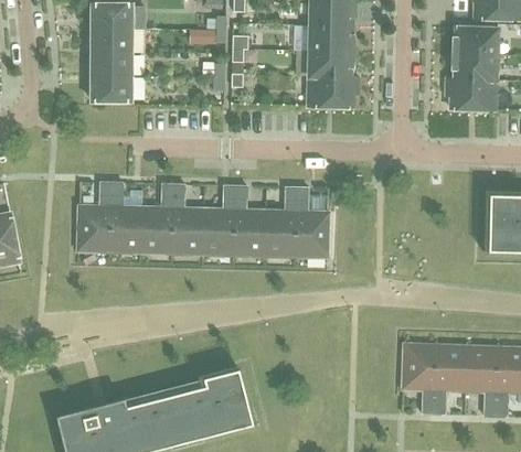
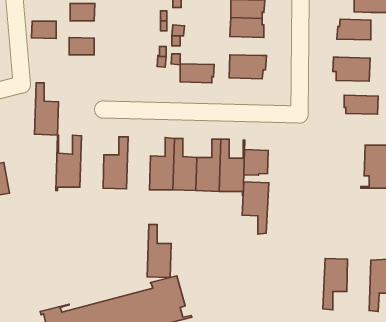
building: [95,30,128,53] -> [31,21,56,39]
building: [309,51,354,76] -> [180,64,214,83]
building: [451,54,497,79] -> [344,95,378,114]
building: [95,75,128,98] -> none
building: [109,183,141,252] -> [34,83,58,135]
building: [171,184,203,255] -> [147,225,171,278]
building: none -> [244,149,268,175]
building: [401,345,436,415] -> [242,182,269,234]
building: [465,347,497,416] -> none

